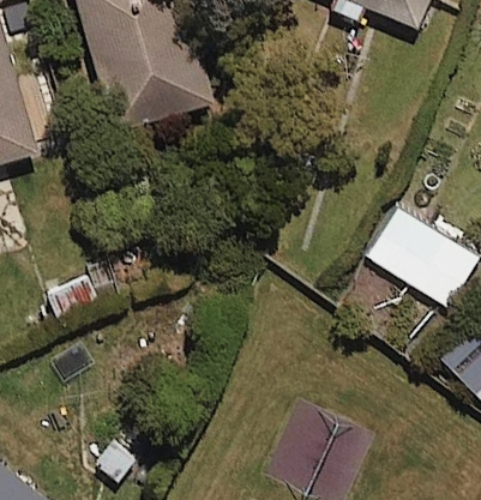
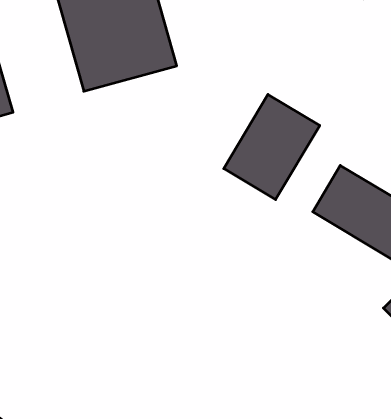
building: none -> [224,94,320,200]

